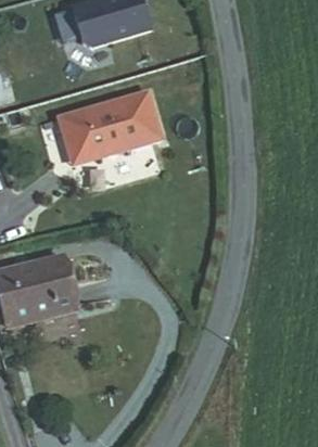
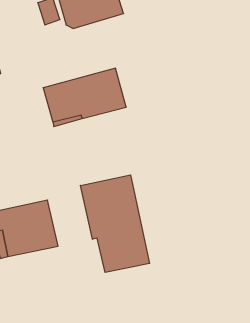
building: none -> [80,175,150,272]

